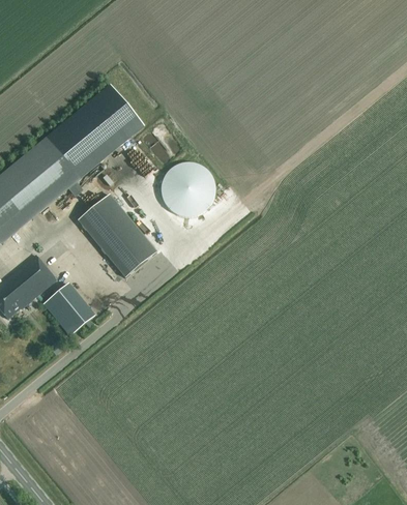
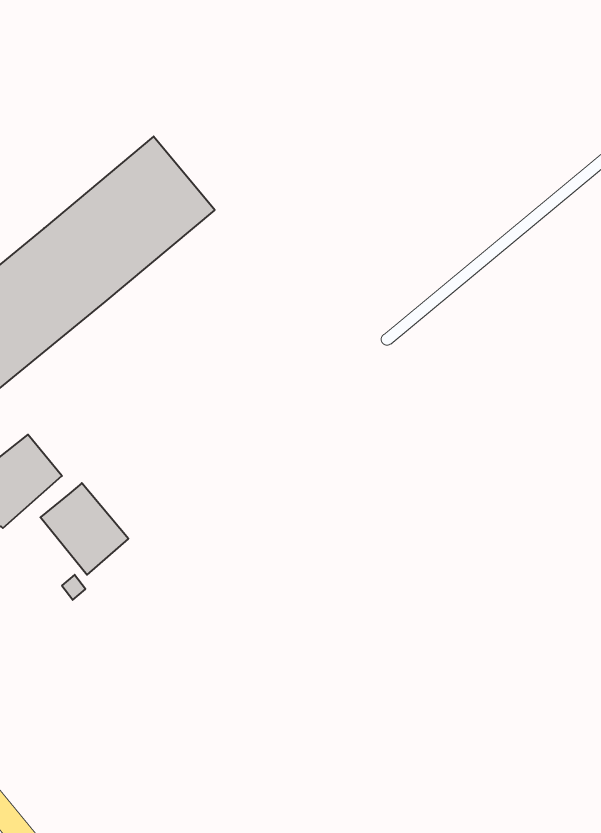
building: [162,162,216,216] -> none
building: [79,192,157,276] -> none

